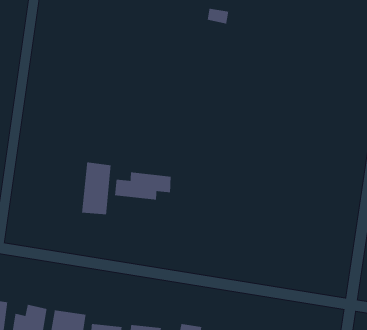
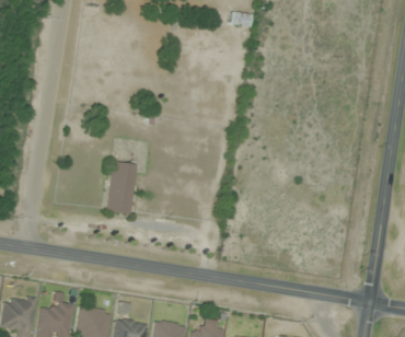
building: [114,172,171,201] -> none

